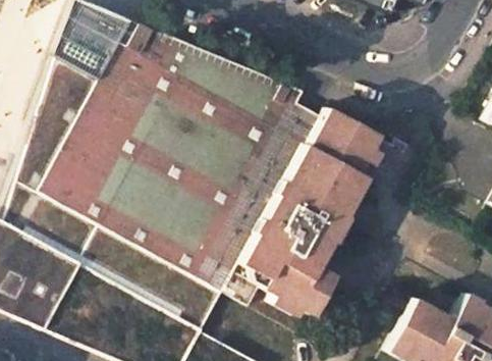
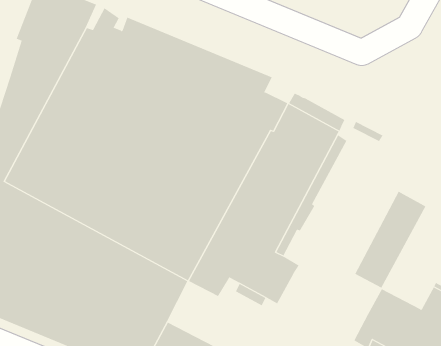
building: none -> [354,191,426,289]

